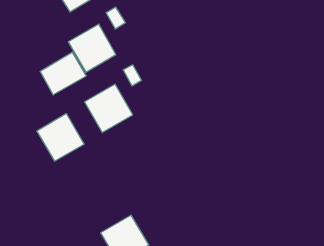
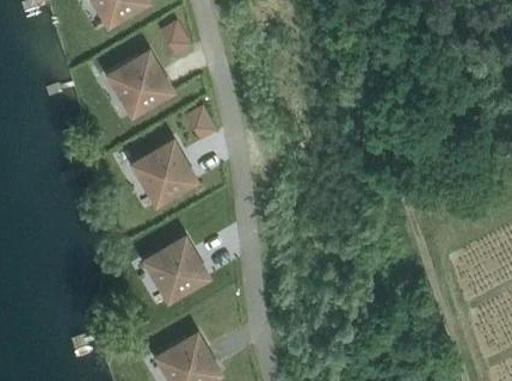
building: [40,52,86,95] -> none
building: [37,114,84,161] -> [140,233,210,303]

